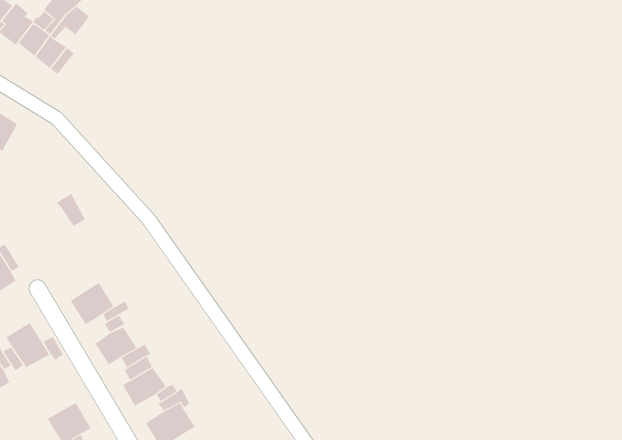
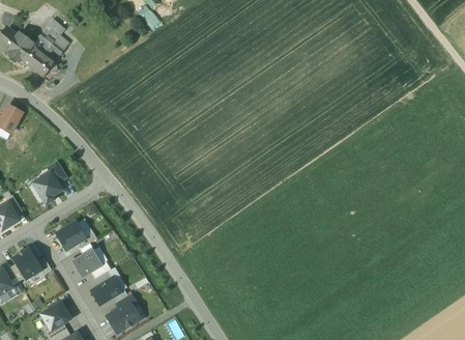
building: none -> [32,172,60,204]

